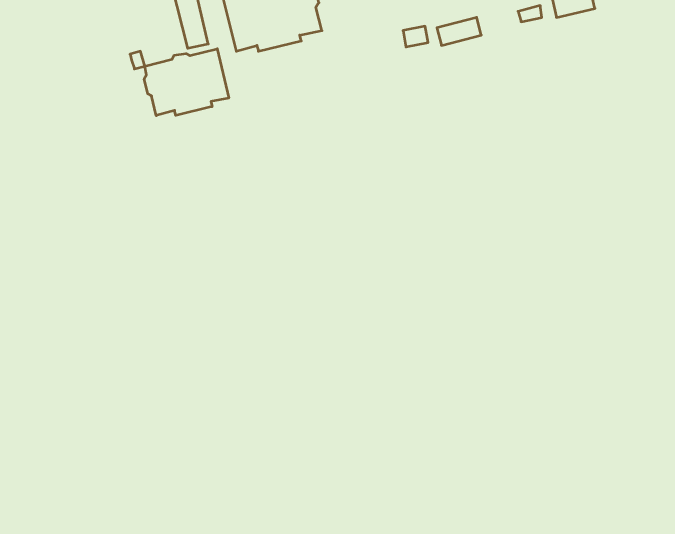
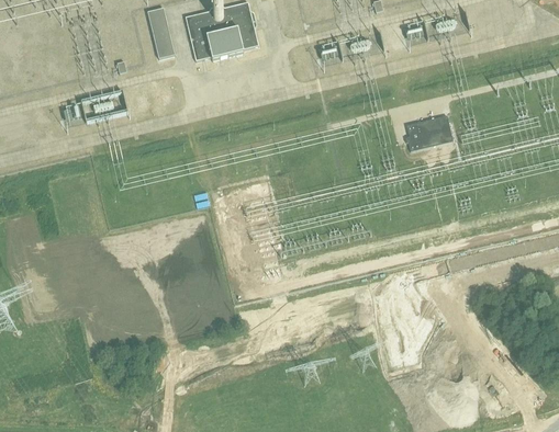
building: [144,49,229,116] -> none
building: none -> [404,115,451,150]

